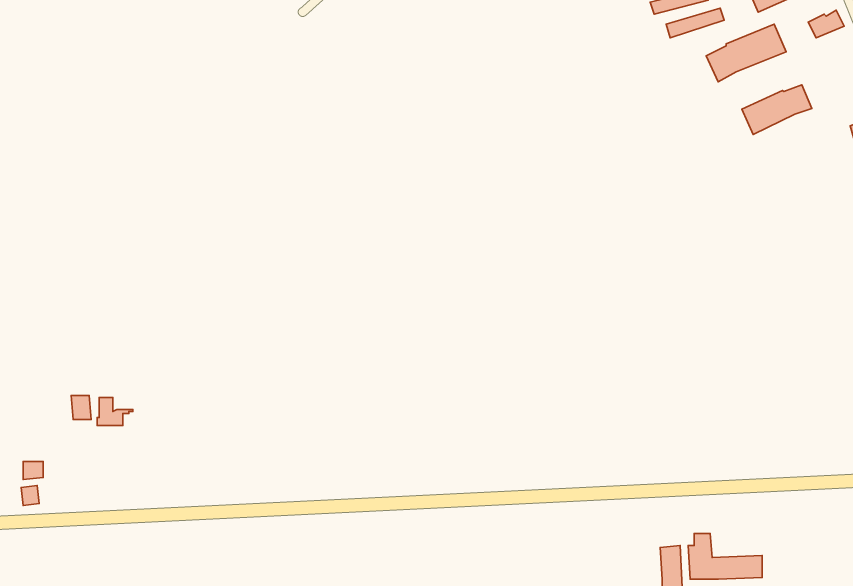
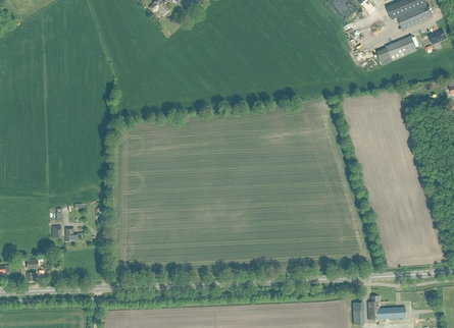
building: [742,85,812,134] -> none

